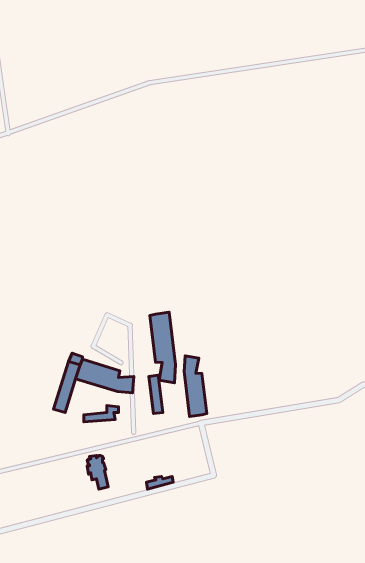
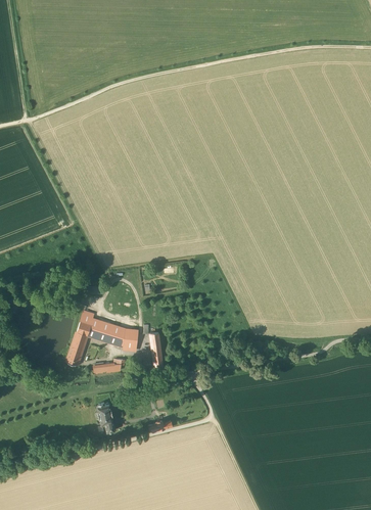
building: [150,312,176,383] -> none
building: [184,356,207,417] -> none

